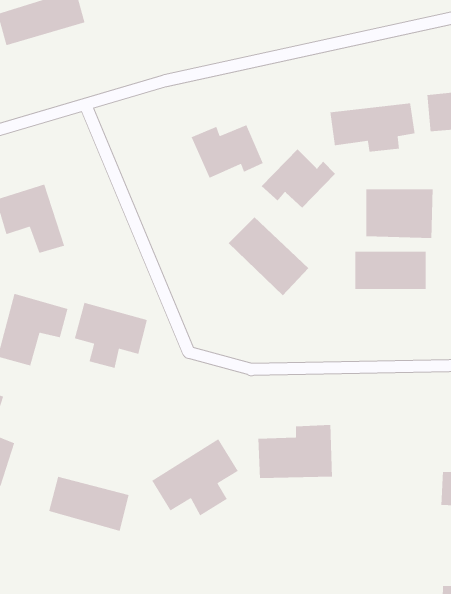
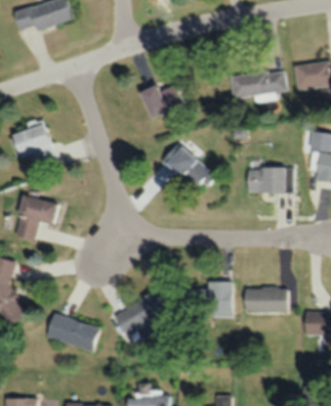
building: [261,149,336,208] -> none
building: [366,189,434,239] -> none
building: [74,302,148,369] -> none
building: none -> [244,287,286,313]

